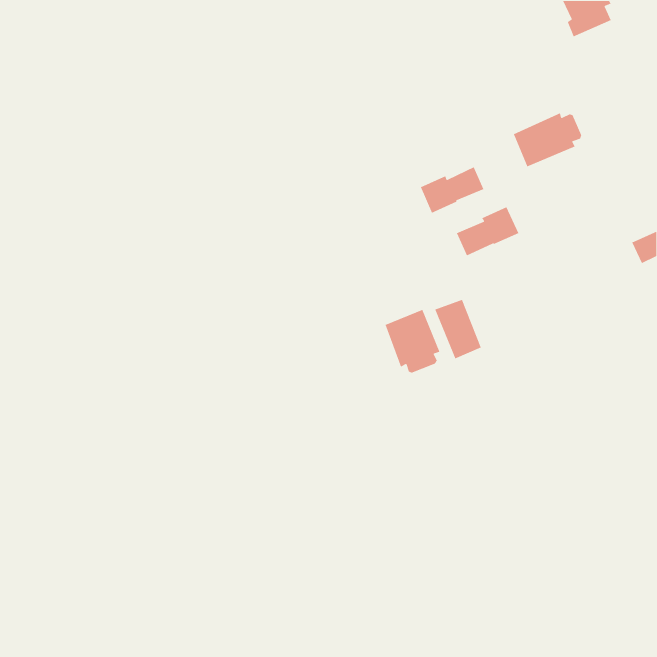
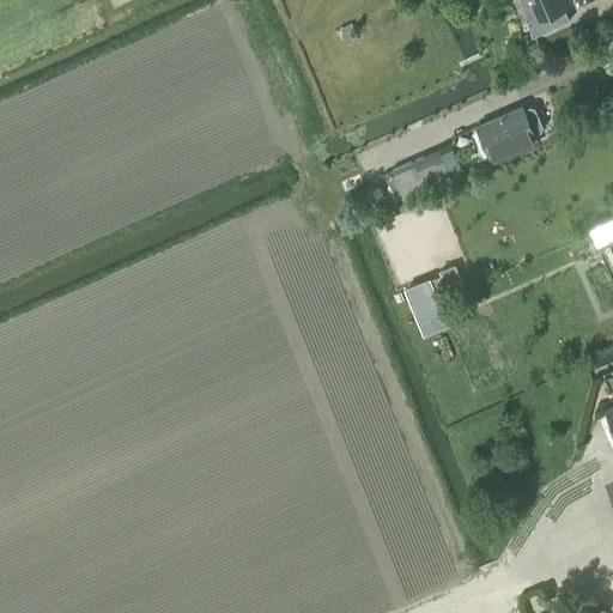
building: [456,206,520,257] -> none
building: [385,309,441,374] -> none

